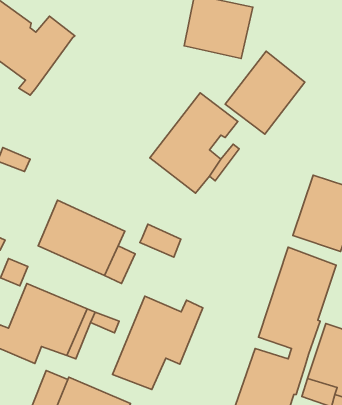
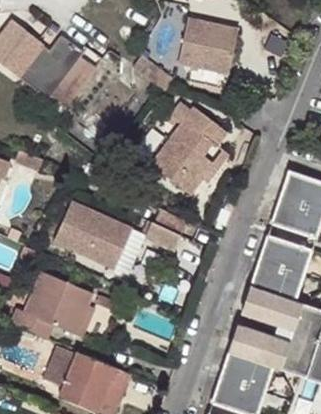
building: none -> [48,54,97,109]
building: [225,51,305,134] -> none
building: [113,296,203,390] -> none

